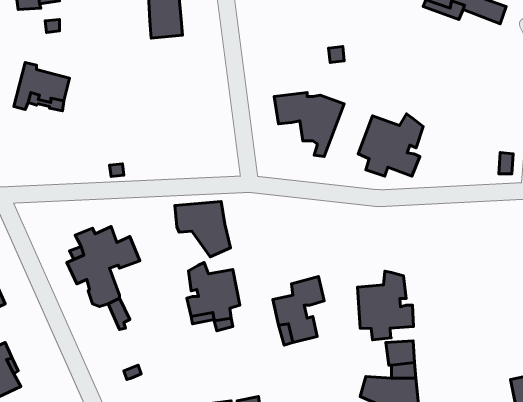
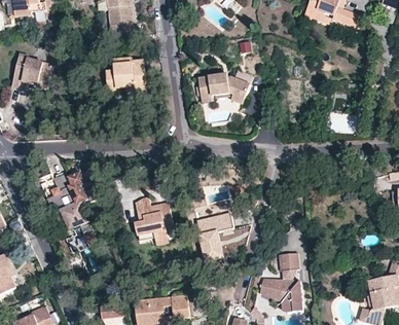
building: none -> [105,60,144,93]
building: [358,114,423,176] -> none
building: [175,202,230,257] -> none
building: [357,271,413,340] -> none

